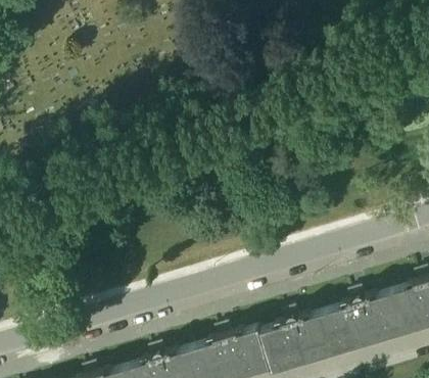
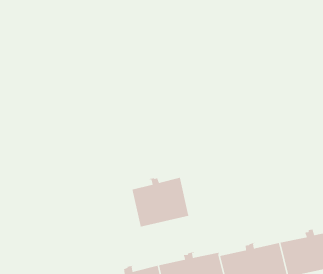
building: none -> [131,177,190,228]

